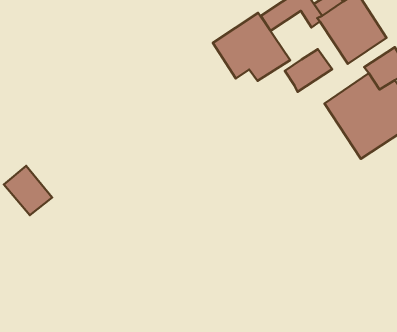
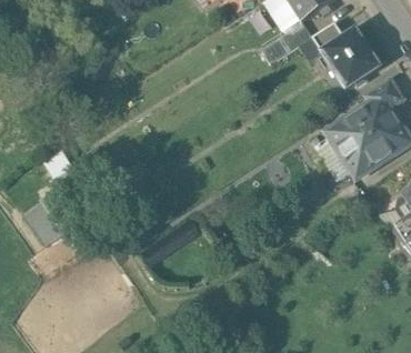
building: [213,13,290,81] -> none
building: [285,49,332,92] -> none

